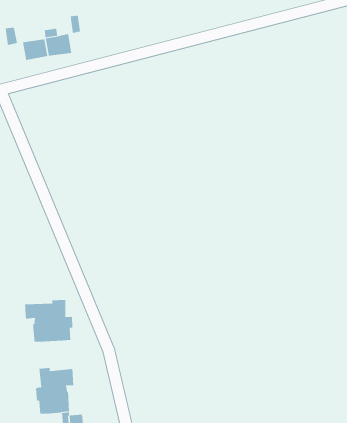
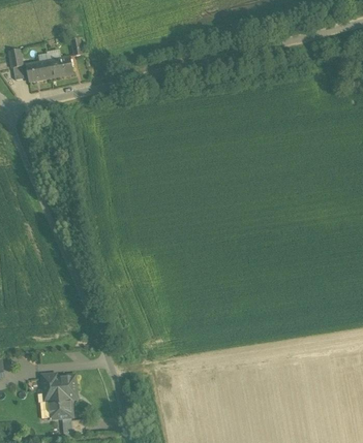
building: [24,299,73,342] -> none

